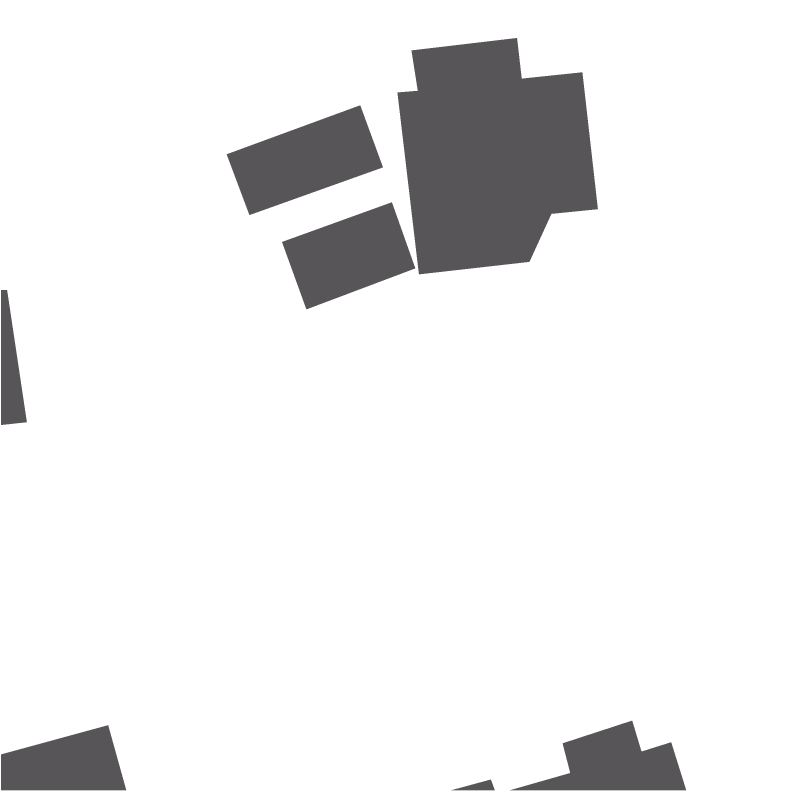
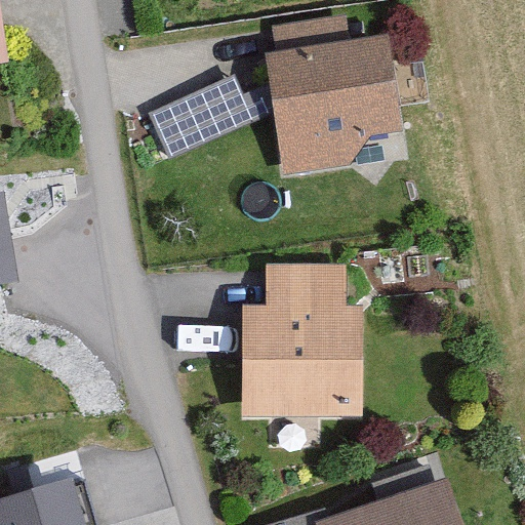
building: [281,201,417,311] -> none
building: none -> [241,272,362,428]

